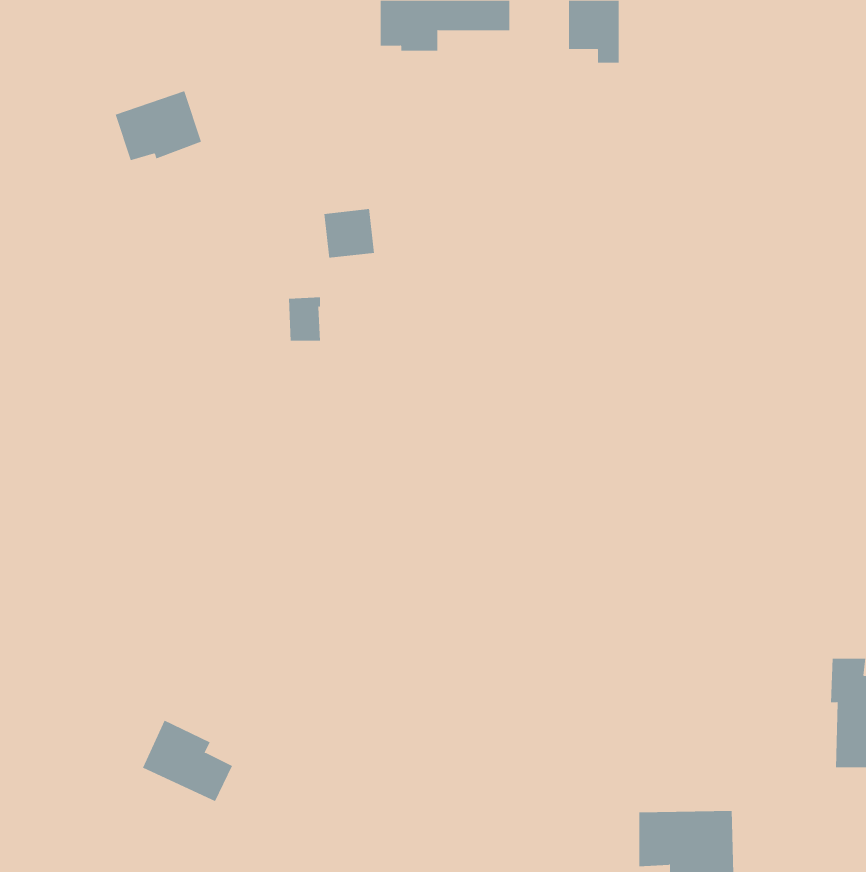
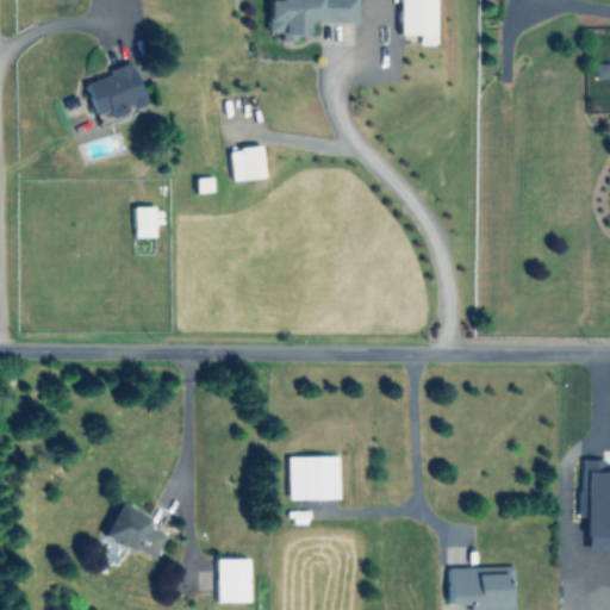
building: [288,297,321,341] -> [136,206,158,237]
building: none -> [290,456,342,499]
building: none -> [219,559,251,603]

